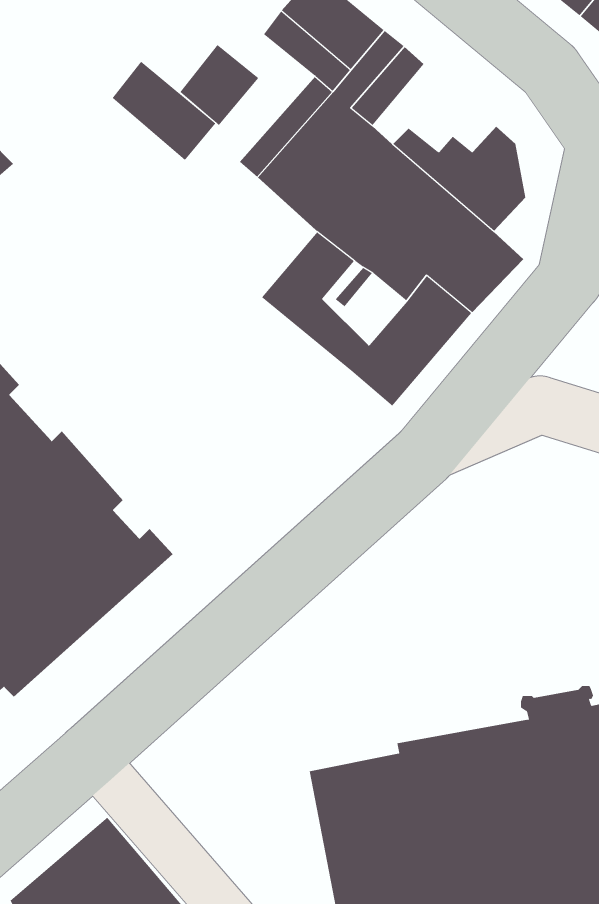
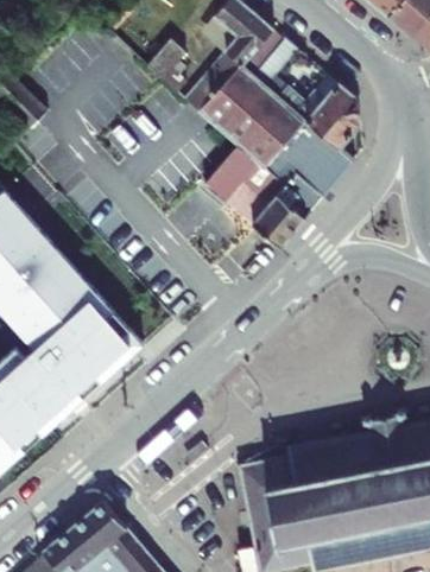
building: [112,61,216,161] -> none

